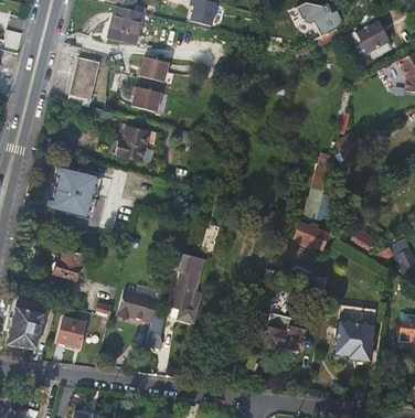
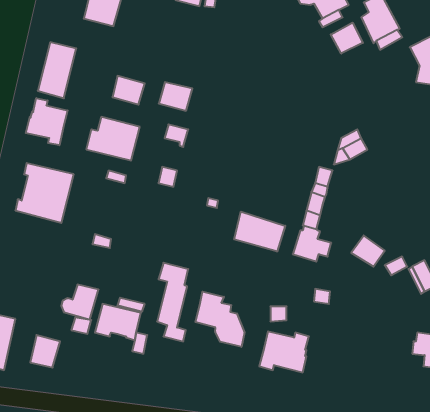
building: none -> [331,23,363,54]
building: [139,56,169,82] -> [159,82,192,111]
building: none -> [26,98,68,145]
building: none -> [234,212,285,252]
building: [51,247,84,278] -> [61,285,99,319]
building: none -> [195,292,244,347]
building: [332,304,374,364] -> none

